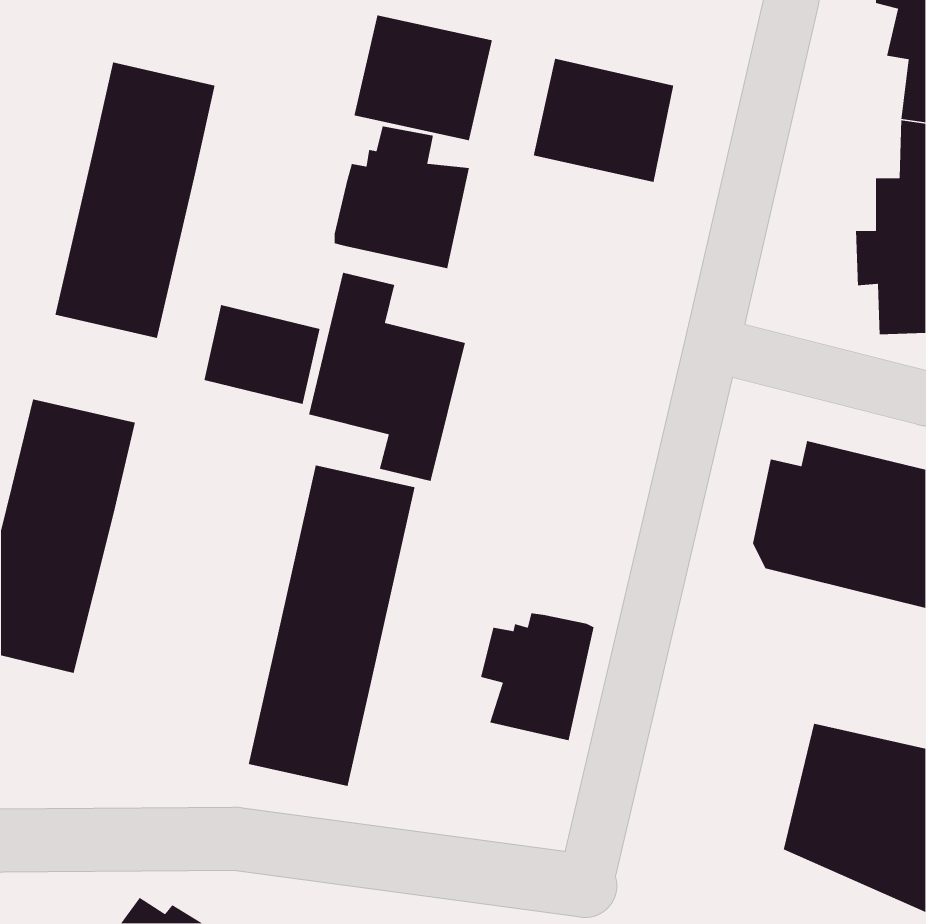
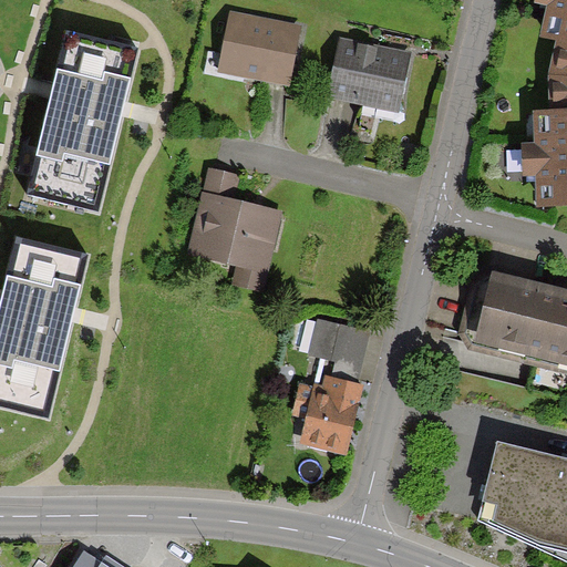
building: [334,126,470,269] -> none
building: [203,304,321,405] -> none
building: [248,464,415,787] -> none
building: none -> [300,318,371,381]

